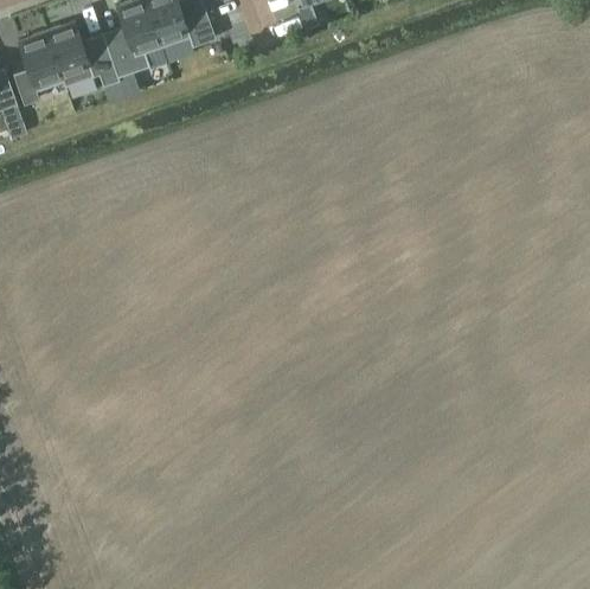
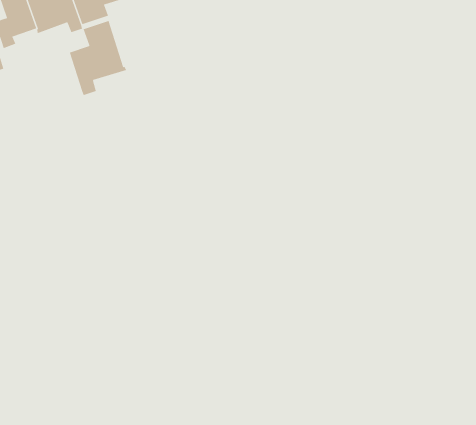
building: none -> [69,20,127,96]

